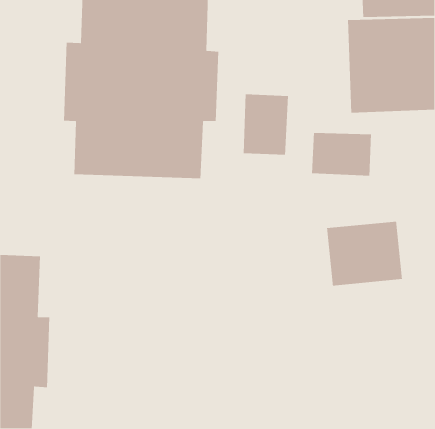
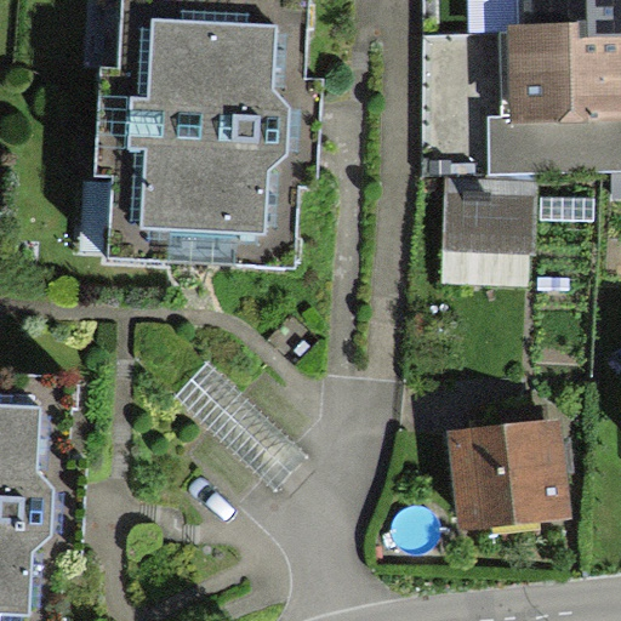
building: [243,94,289,155] -> none
building: [326,221,403,286] -> [448,425,557,518]

